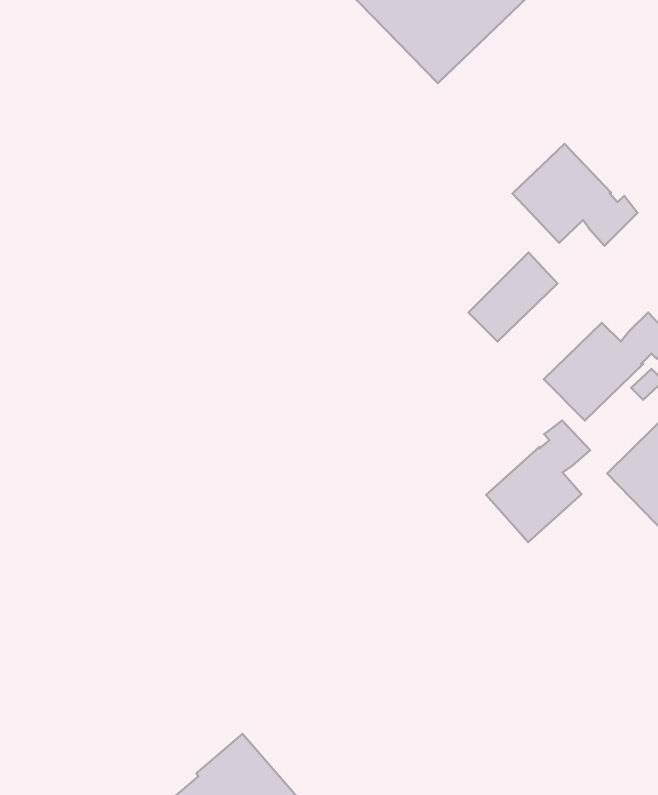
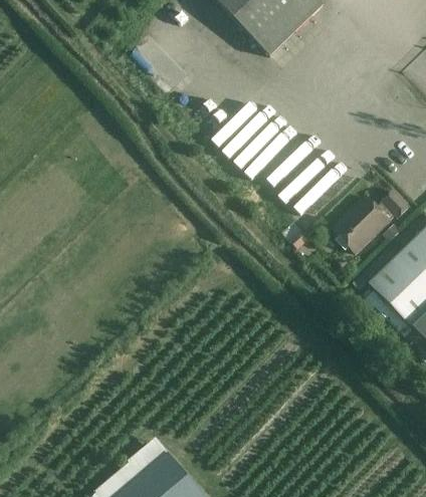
building: [512,144,637,246] -> none
building: [486,420,590,542] -> none

